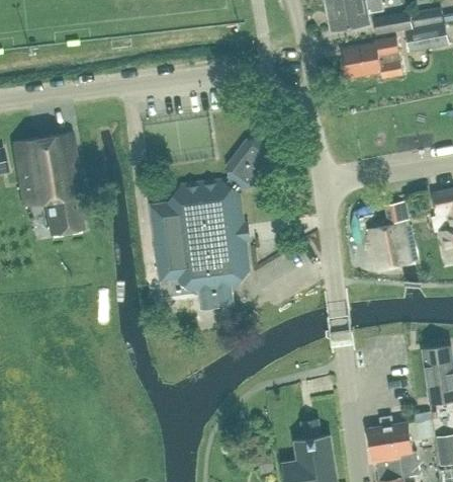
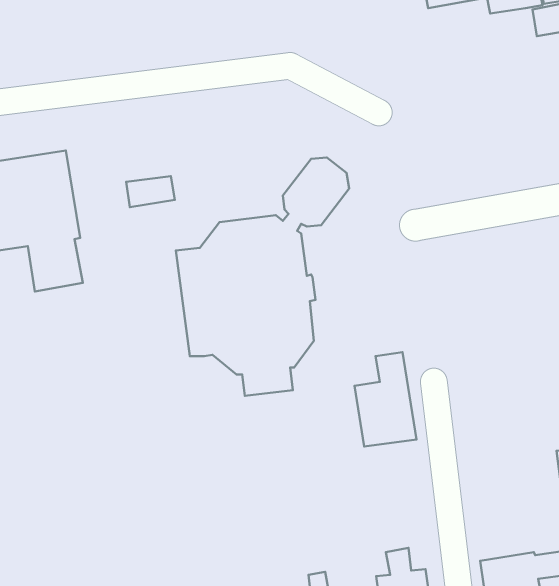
building: [341,37,402,79] -> none
building: none -> [126,176,175,207]
building: [369,200,414,268] -> [354,352,416,447]

